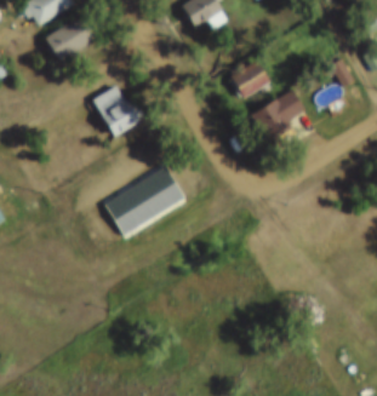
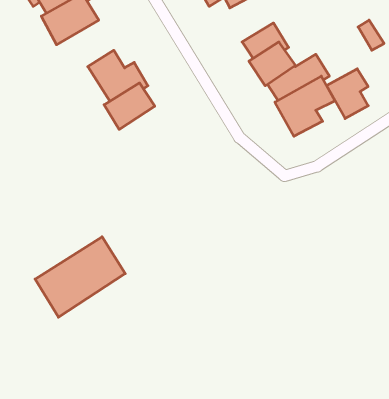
building: none -> [327,69,368,119]
building: [104,162,184,234] -> [35,237,125,317]

